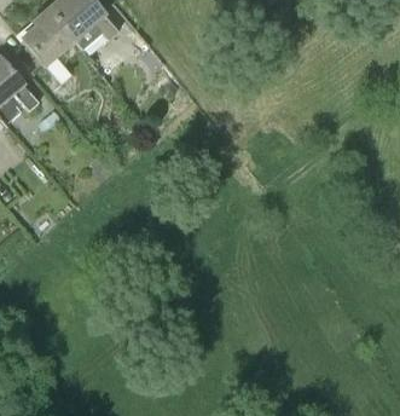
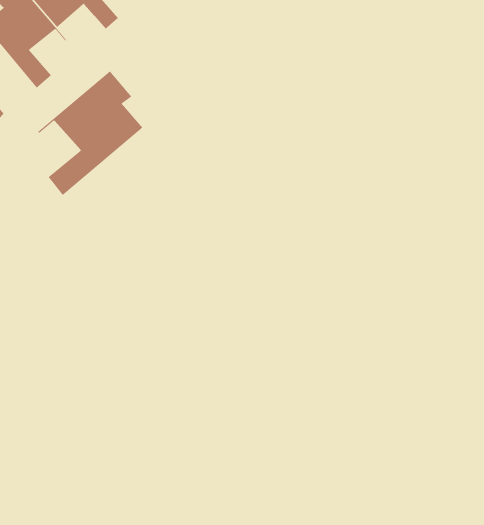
building: none -> [37,71,143,196]

